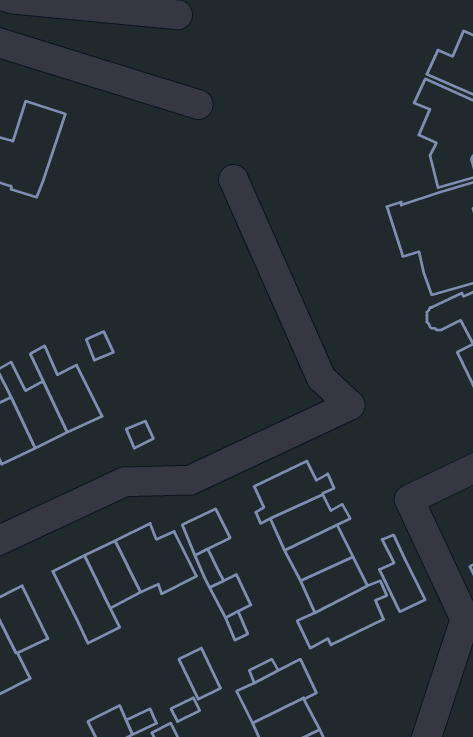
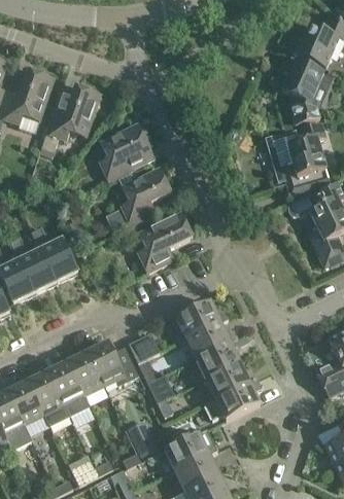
building: none -> [40,85,101,152]
building: none -> [100,123,154,181]
building: none -> [105,168,171,230]
building: none -> [138,212,193,272]
building: [379,535,425,612] -> none
building: none -> [27,371,69,427]

